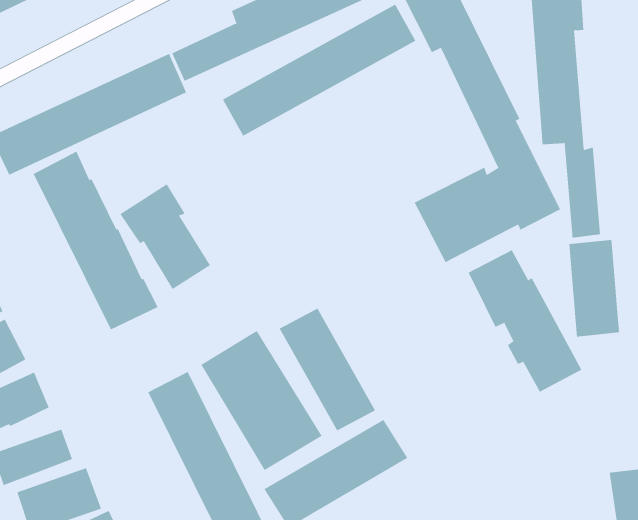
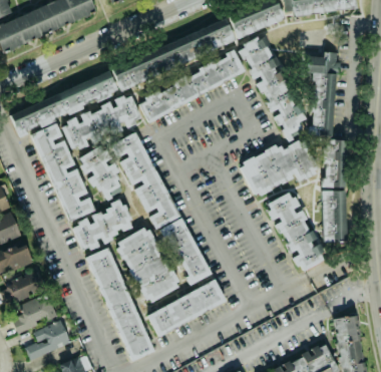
building: none -> [60,93,142,150]
building: none -> [111,131,178,229]
building: none -> [72,200,132,253]

